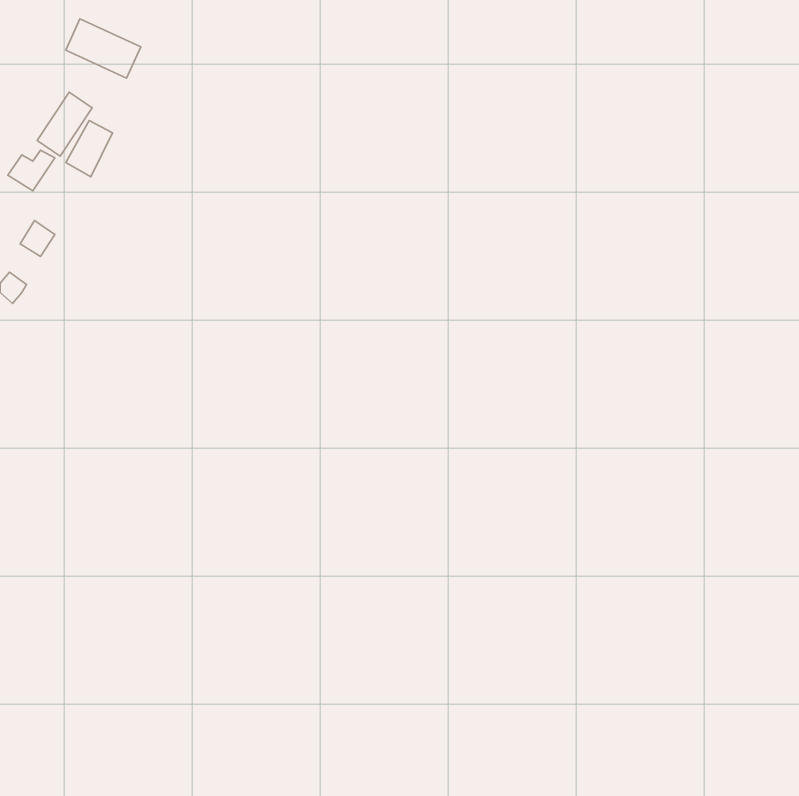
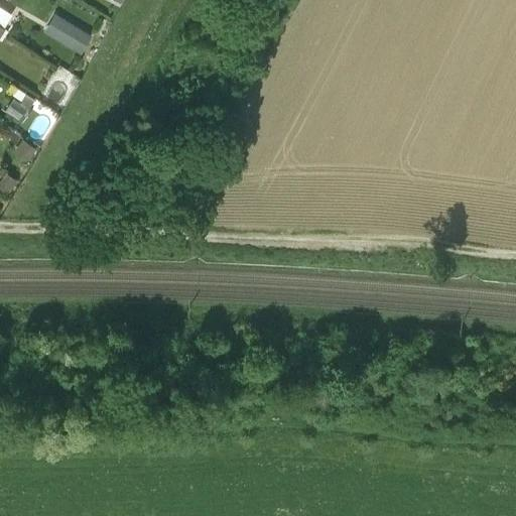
building: [37,92,92,156] -> none

